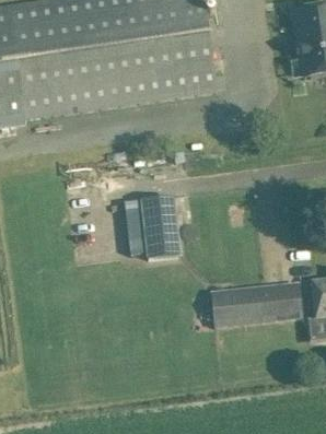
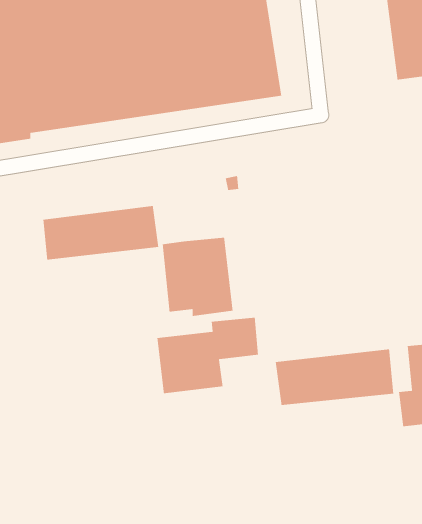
building: none -> [42,205,159,261]
building: none -> [157,317,259,394]

